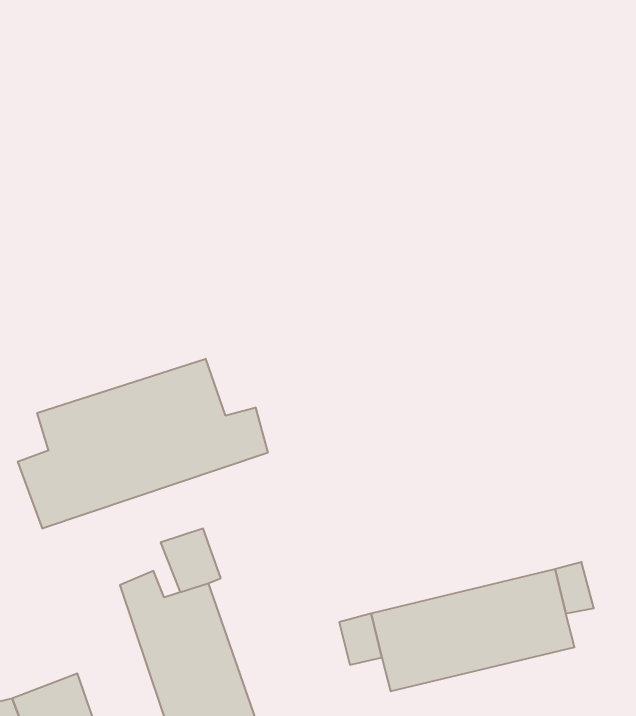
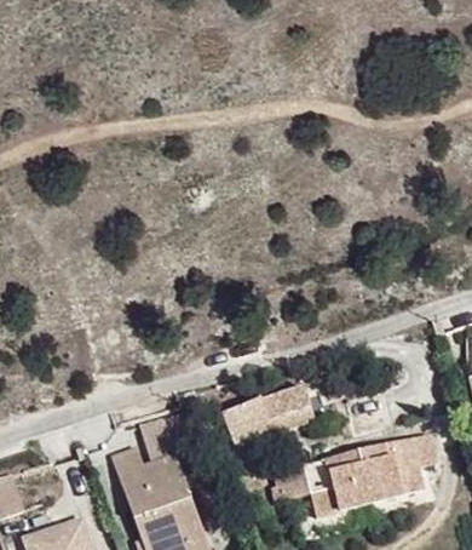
building: [18,359,268,529] -> none
building: none -> [224,388,309,440]

